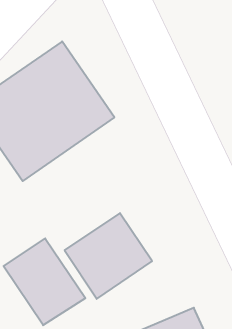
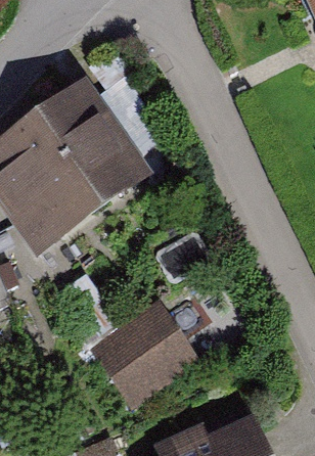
building: [4,238,85,325] -> none

